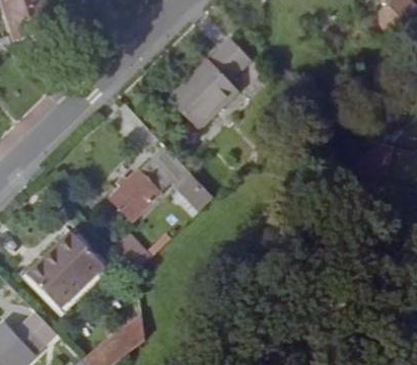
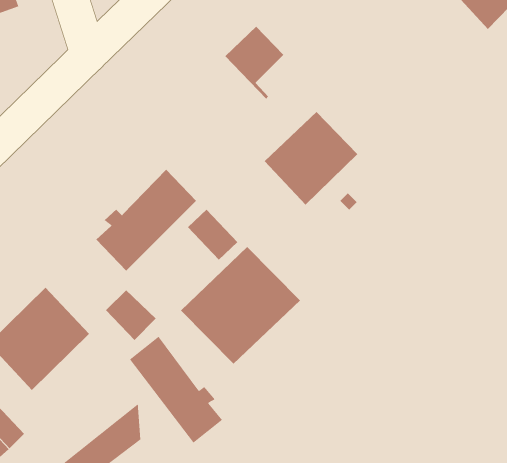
building: [166,62,235,131] -> [264,111,358,205]
building: none -> [180,246,301,365]
building: none -> [129,336,223,443]

